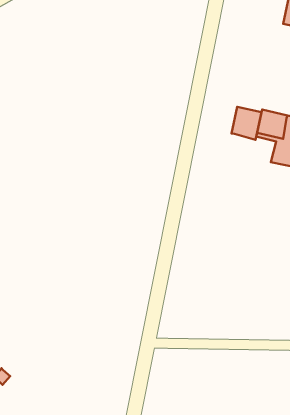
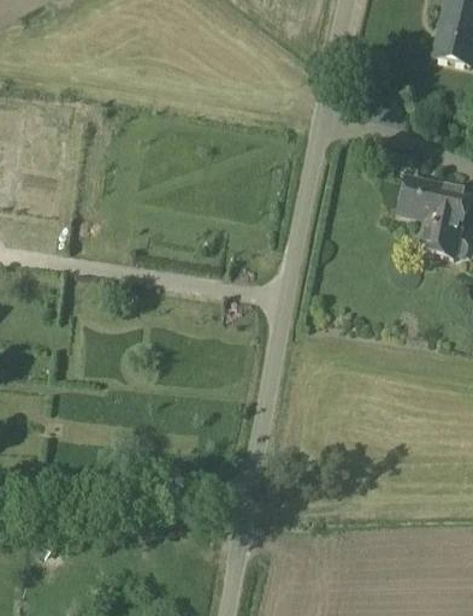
building: [232,107,262,140] -> none

